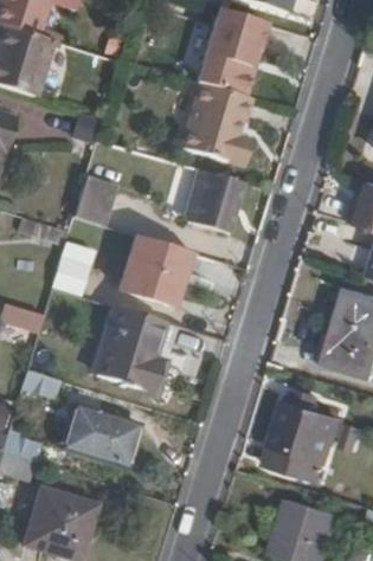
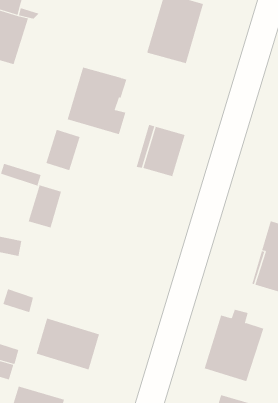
building: [179,82,252,165] -> [67,67,127,135]
building: [118,234,192,307] -> none
building: [95,305,173,391] -> none

